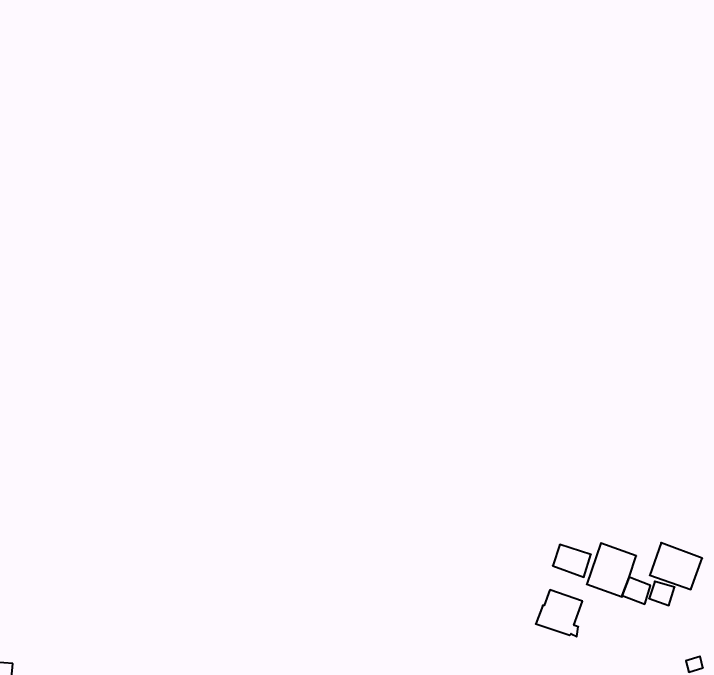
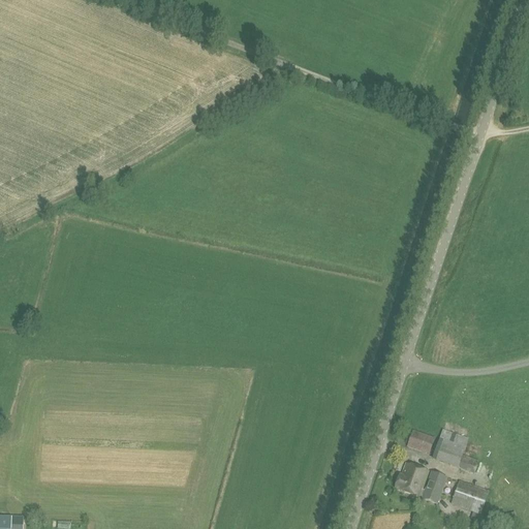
building: [650,543,702,589] -> [450,478,489,512]
building: none -> [424,471,447,501]

